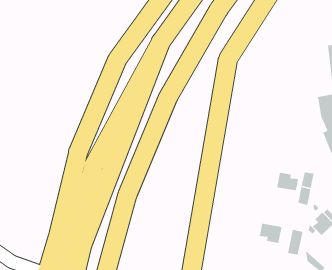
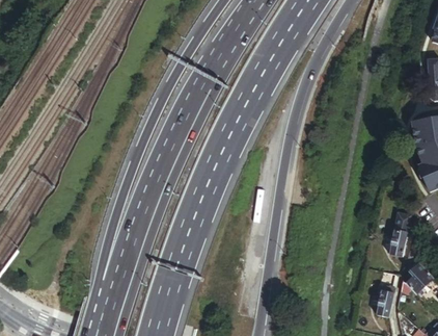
building: [276,172,299,191] -> none
building: [259,223,282,244] -> none

